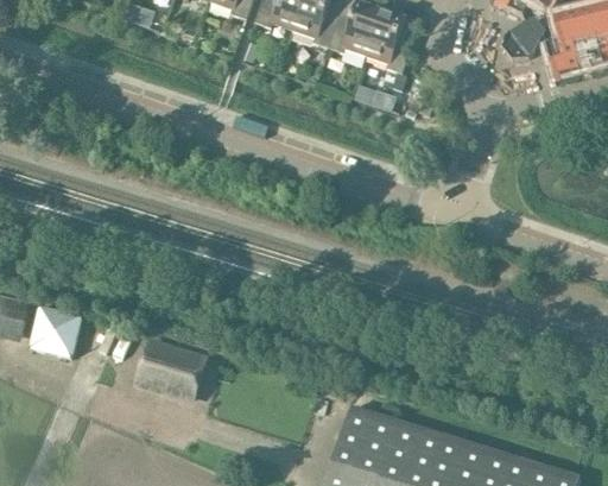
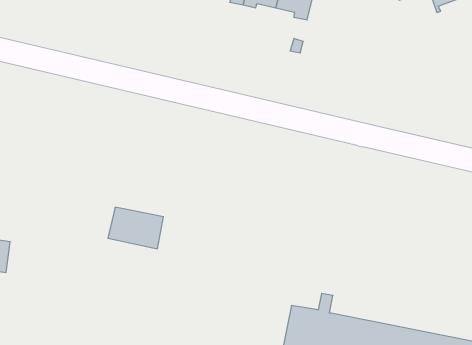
building: [25,303,78,355] -> none
building: [135,342,203,396] -> [108,207,163,249]

